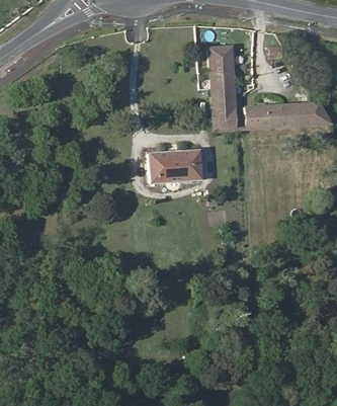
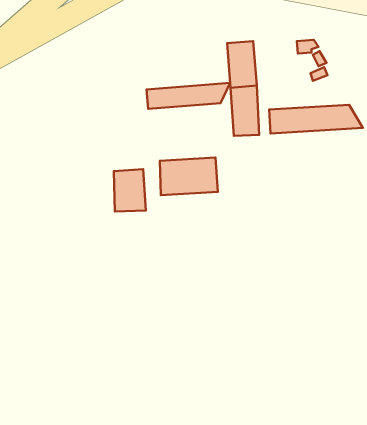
building: none -> [146,83,230,109]
building: none -> [114,169,146,211]

